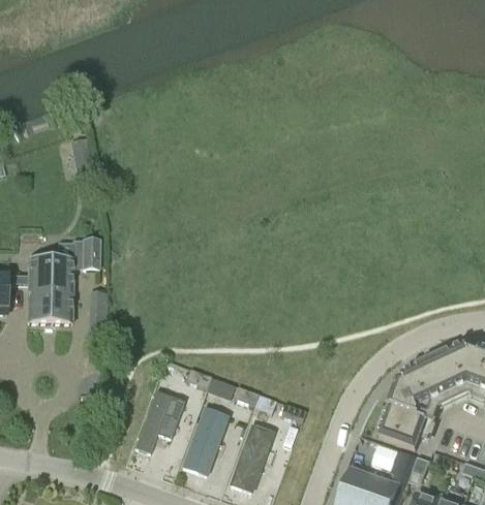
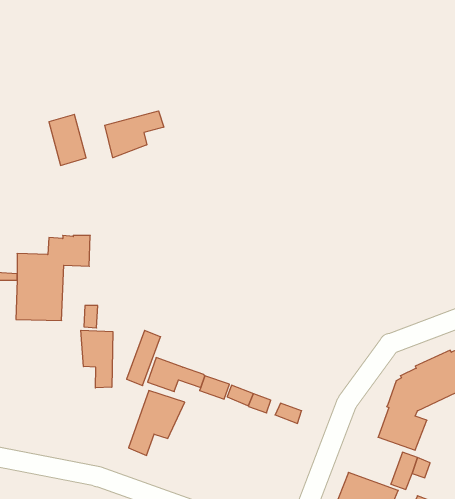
building: none -> [105,111,164,158]
building: none -> [81,330,113,388]
building: [187,419,220,473] -> [127,330,161,386]
building: [231,422,277,493] -> none

